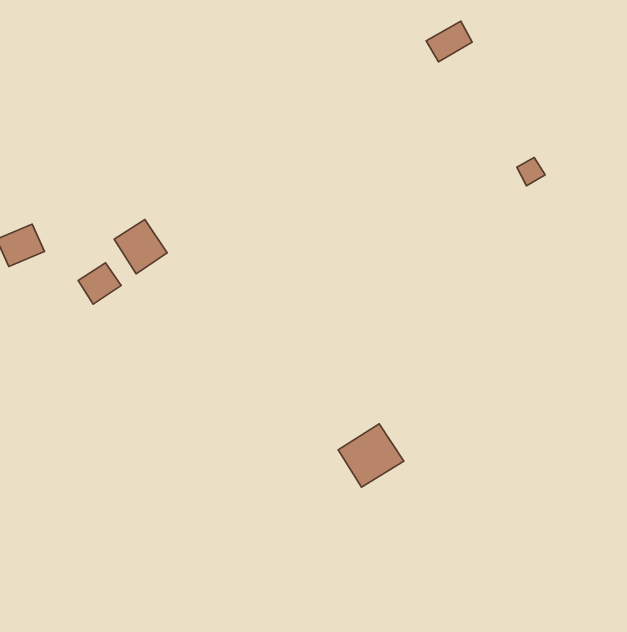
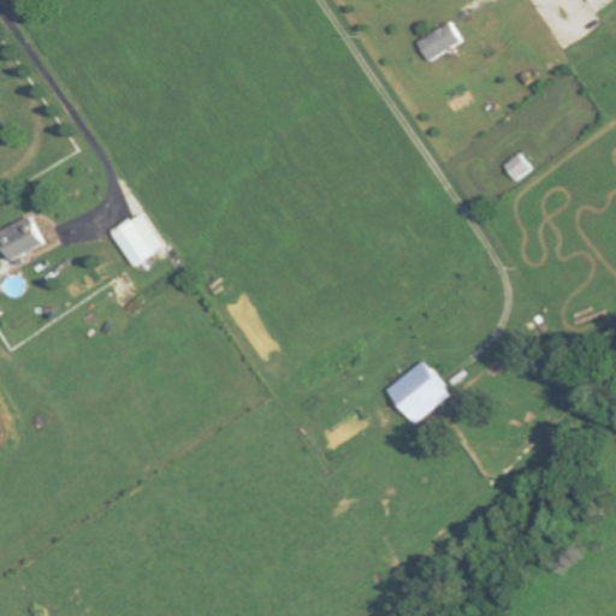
building: [78,263,121,304] -> none
building: [338,424,404,487] -> [386,361,450,422]

